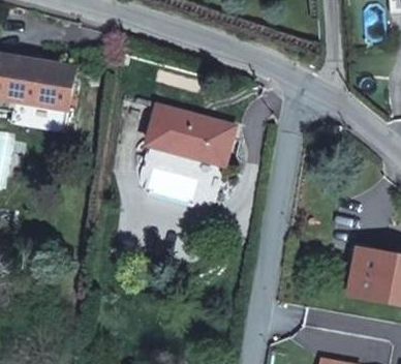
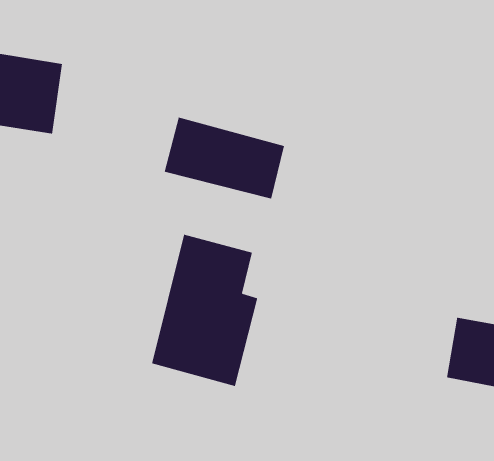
building: none -> [151,234,258,387]

